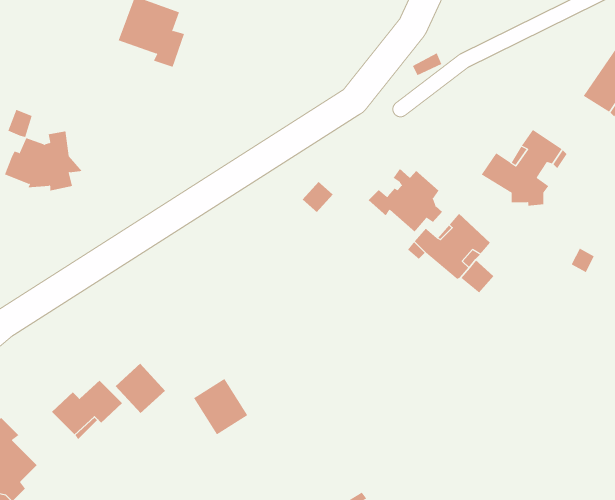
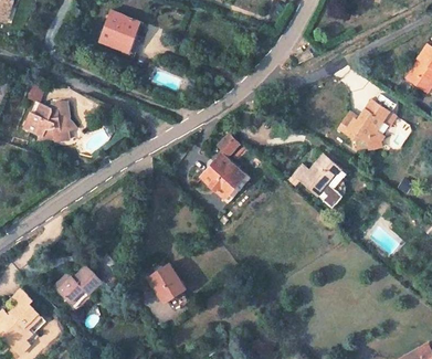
building: [368,168,443,232] -> none
building: none -> [201,155,244,198]
building: [115,363,166,414] -> none

